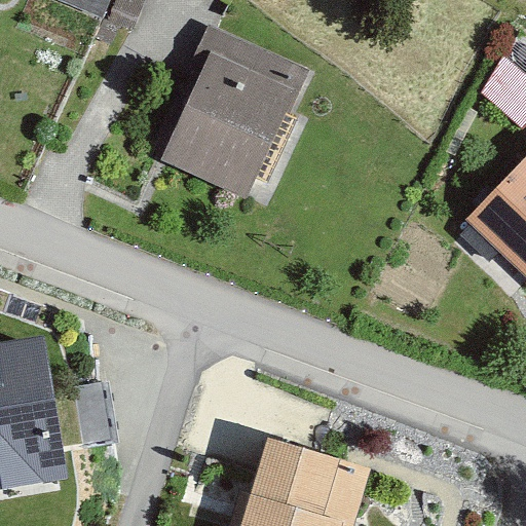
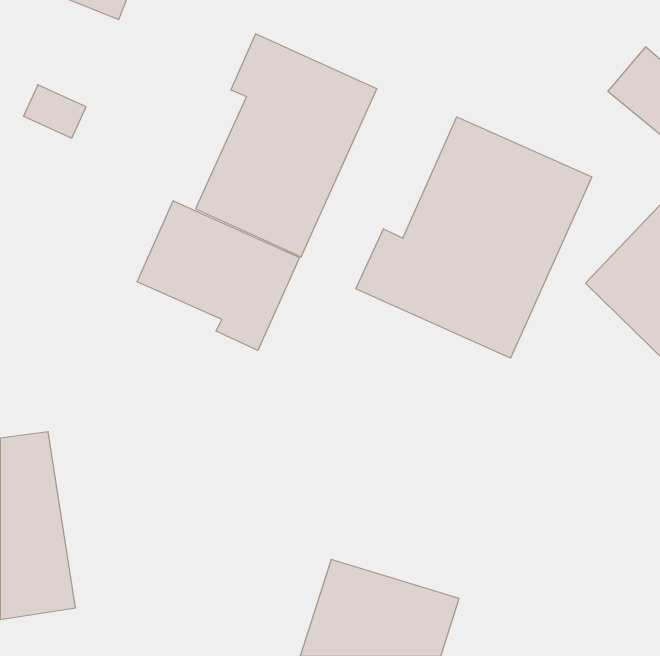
building: none -> [356,117,592,358]
building: none -> [137,201,300,350]

